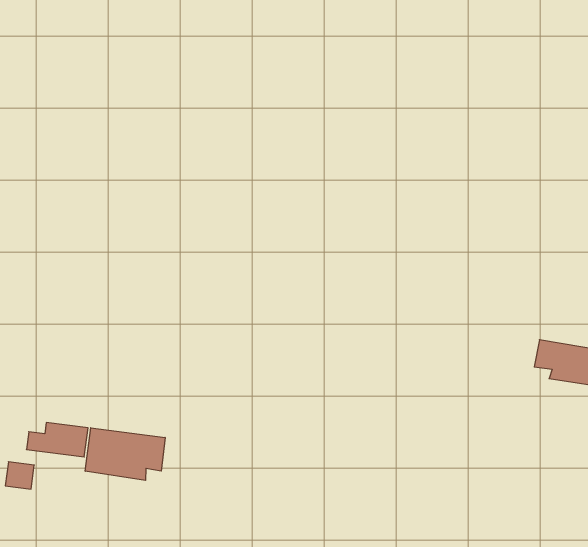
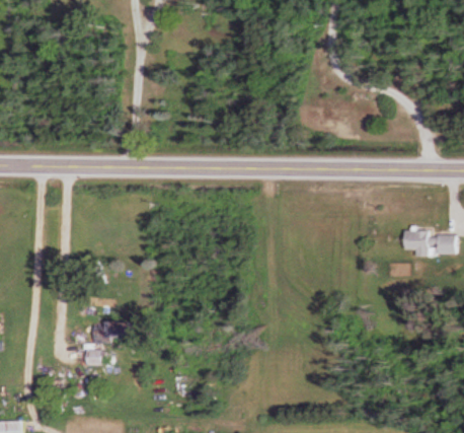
building: [85,428,165,480] -> none

